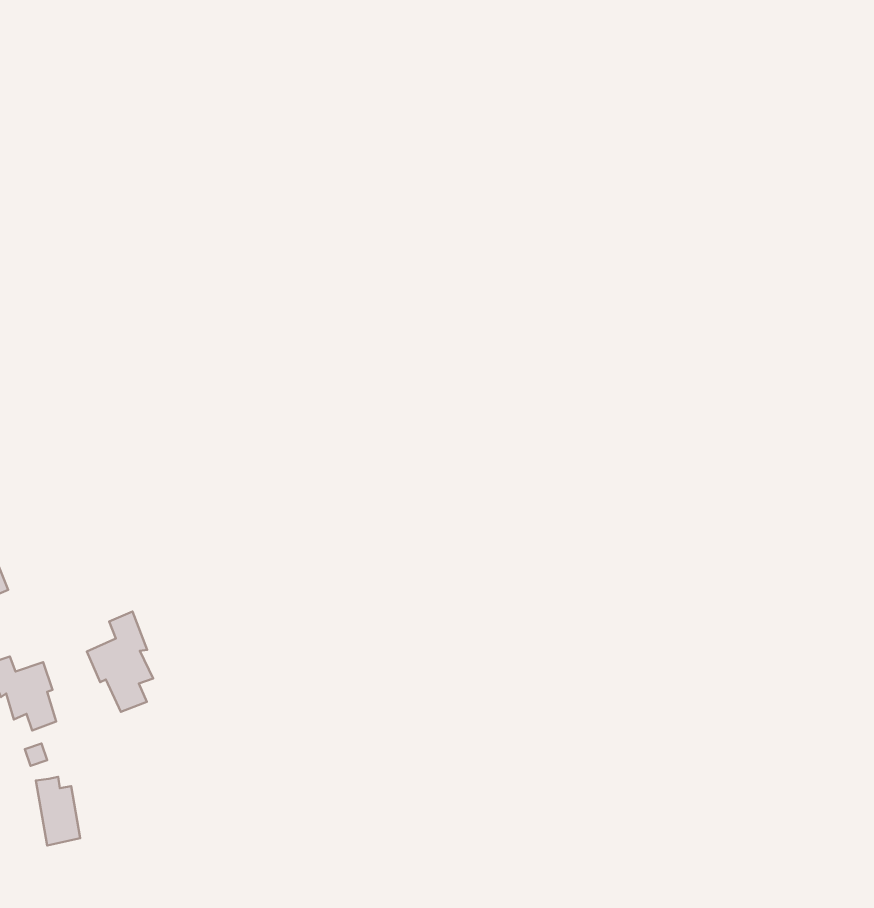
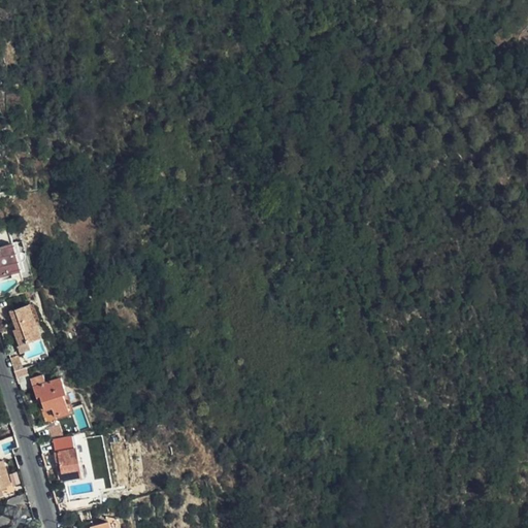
building: [87,611,153,712] -> none

